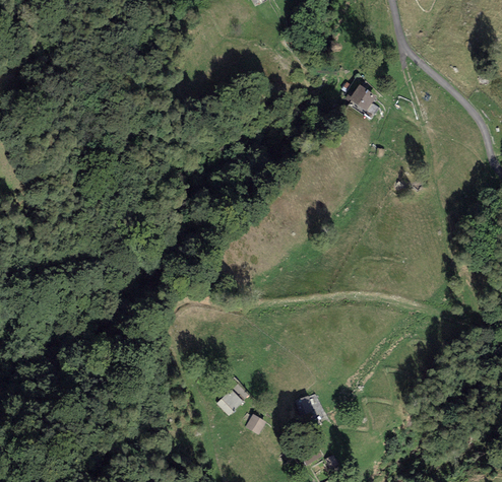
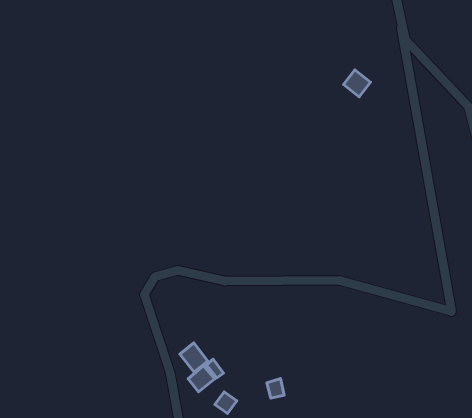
building: none -> [180,343,208,372]

